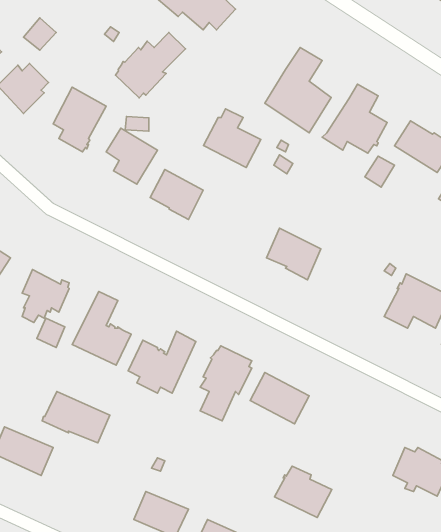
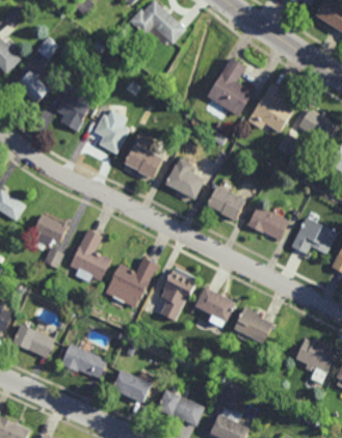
building: [115,33,186,98] -> none
building: [204,109,261,168] -> [163,158,204,199]
building: none -> [246,206,288,241]
building: [42,392,110,443] -> [59,344,107,380]
building: [274,466,332,517] -> [233,307,273,344]

